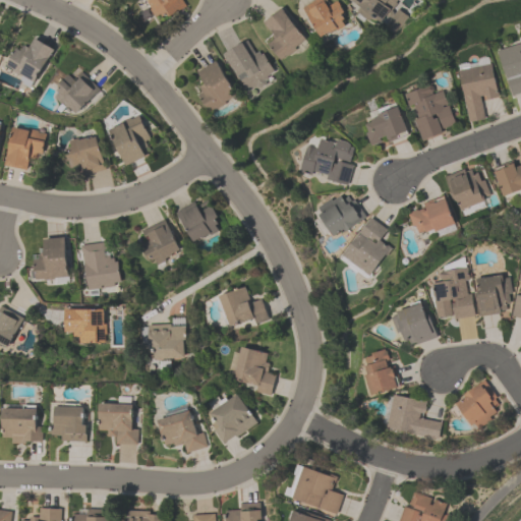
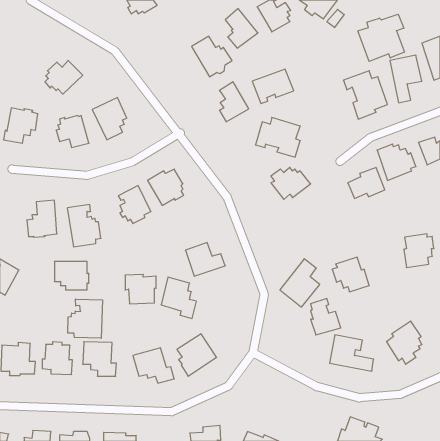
building: none -> [358,14,405,61]
building: [4,38,52,81] -> none
building: [199,63,234,110] -> [219,82,249,122]
building: [360,105,409,146] -> [252,69,294,104]
building: [343,219,390,276] -> [280,259,320,307]
building: [432,268,475,320] -> none
building: [233,346,275,395] -> [161,277,196,319]
building: none -> [68,299,102,338]
building: [291,466,342,513] -> none

